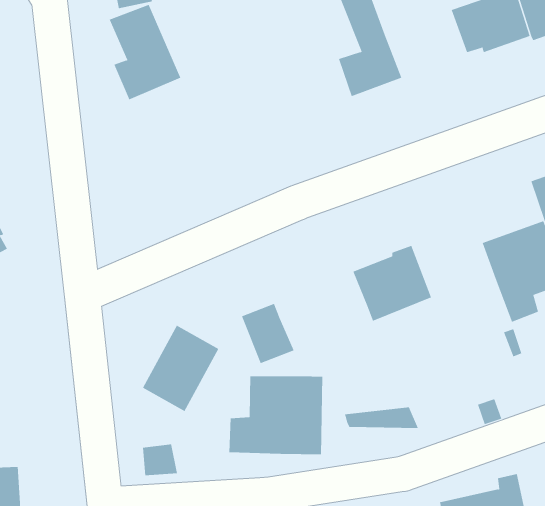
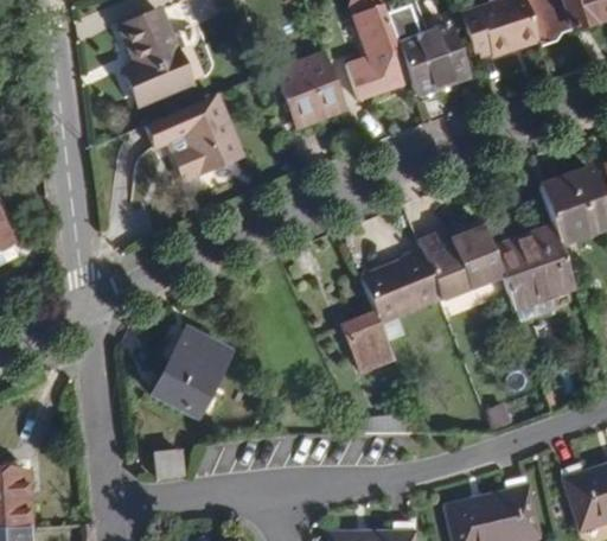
building: none -> [395,21,465,96]
building: none -> [276,53,345,127]
building: none -> [146,95,239,179]
building: none -> [417,228,504,307]
building: [241,303,295,364] -> [343,310,396,370]
building: [229,375,323,455] -> none

